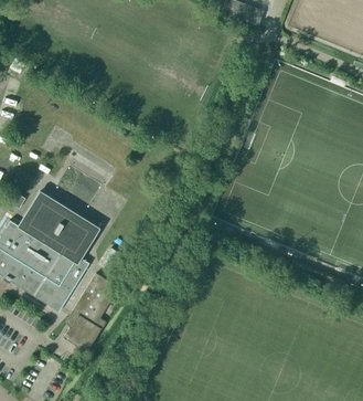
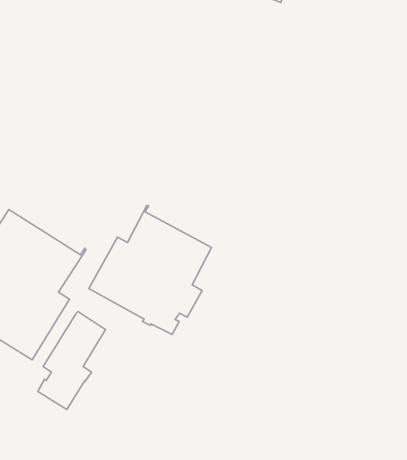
building: none -> [89,205,211,335]

